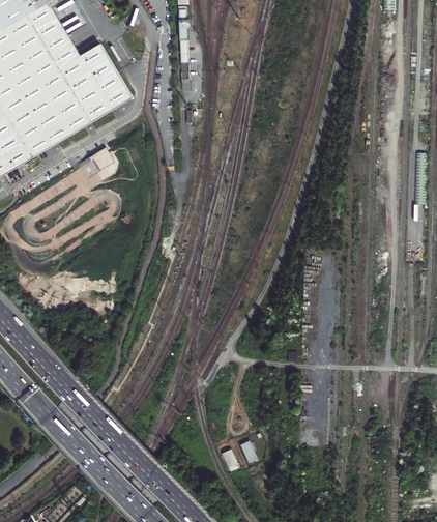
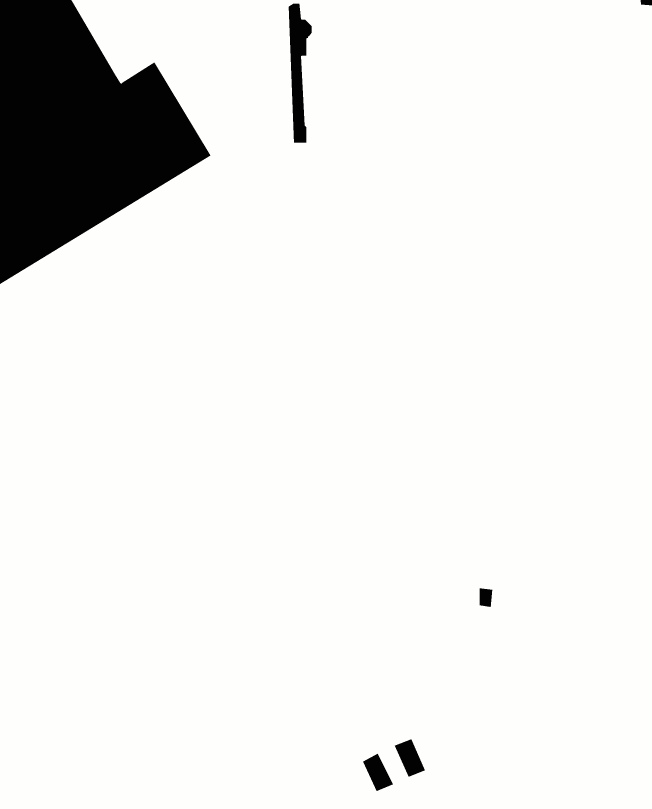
building: [78,146,115,176] -> none

